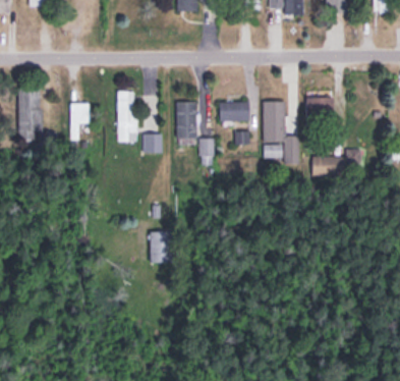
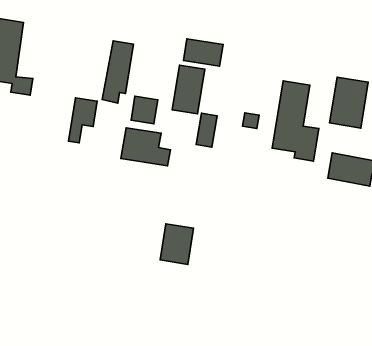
building: [70,102,89,139] -> [68,98,97,143]
building: [219,102,249,120] -> [183,39,223,66]
building: none -> [121,128,170,166]
building: [150,232,173,263] -> [160,224,194,264]

